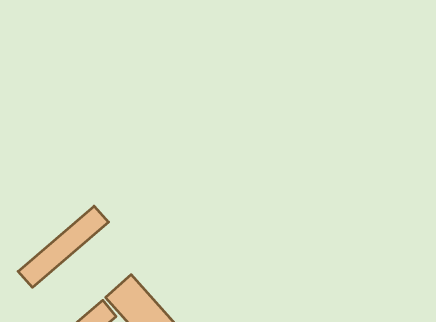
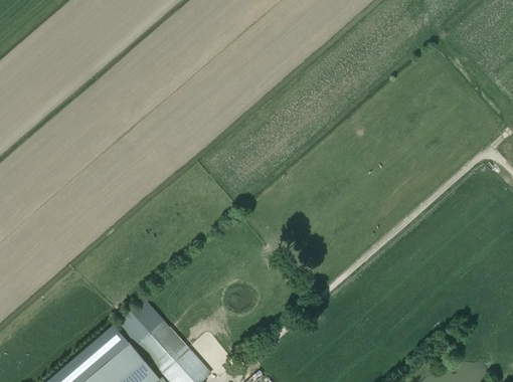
building: [18,206,109,287] -> none

